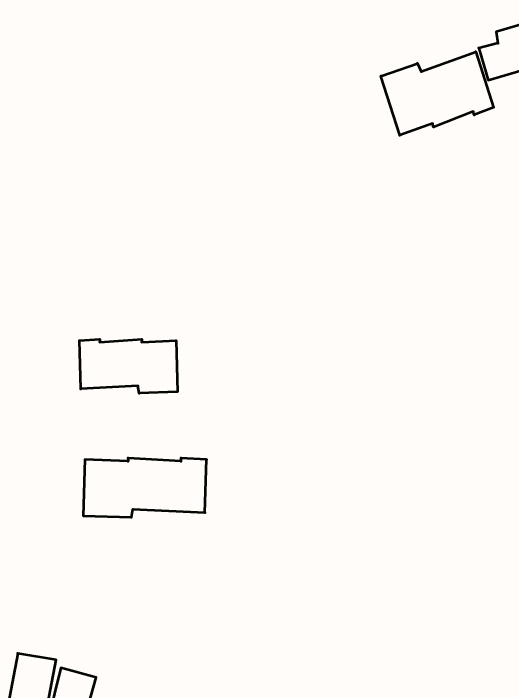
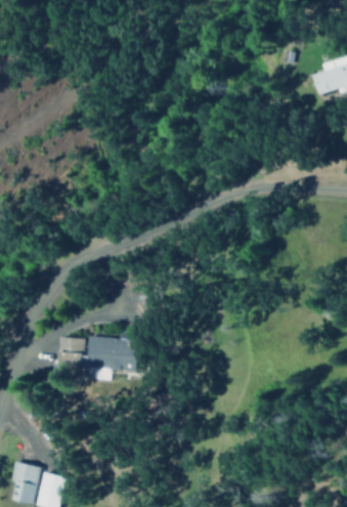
building: [381,52,494,135] -> none
building: [79,339,177,393] -> none

